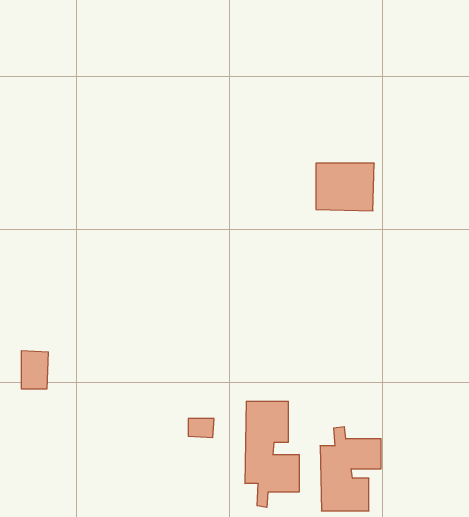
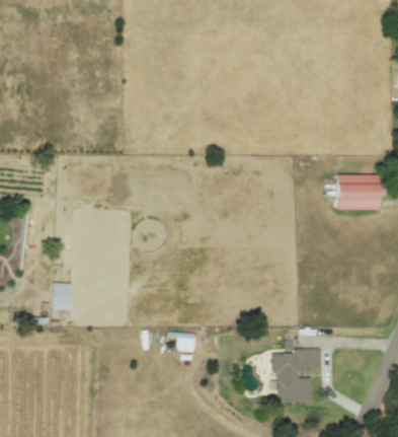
building: [316,163,374,211] -> [337,174,381,210]
building: [245,401,299,507] -> none

